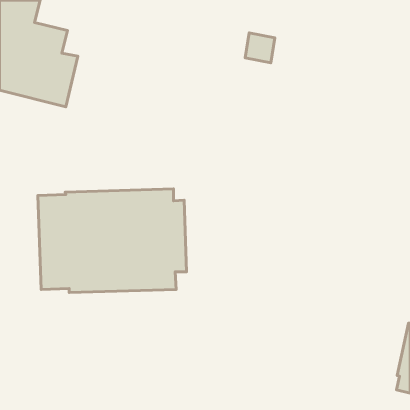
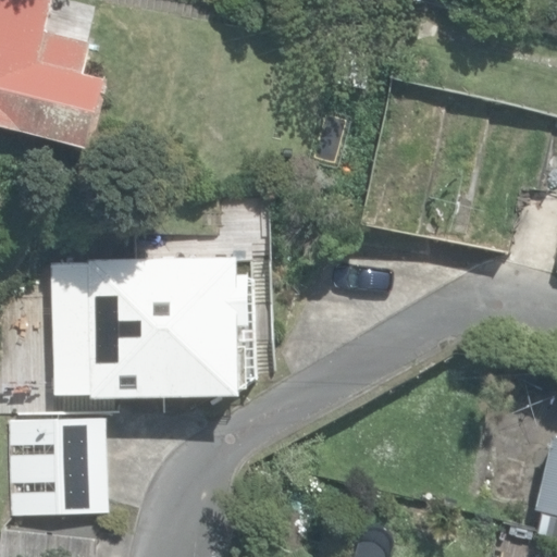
building: none -> [8,420,110,513]

